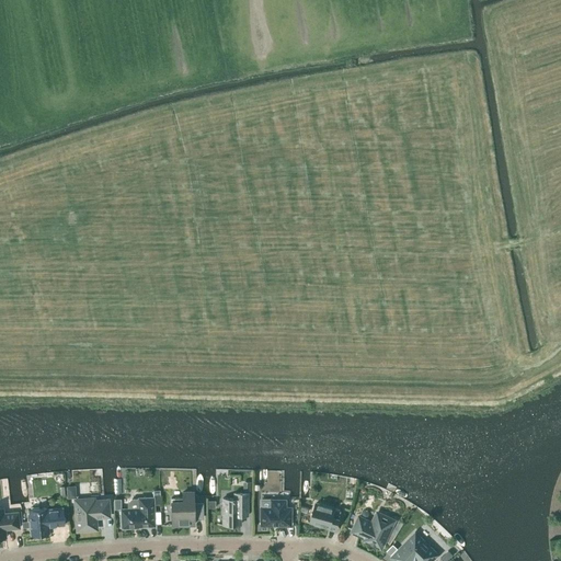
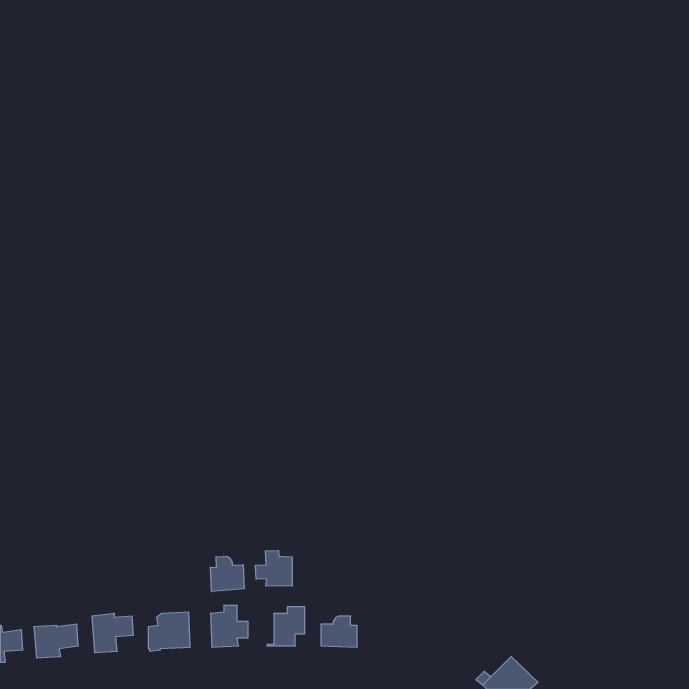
building: none -> [256,550,292,586]
building: none -> [210,556,244,592]
building: [310,502,341,529] -> none
building: [352,514,393,548] -> none

